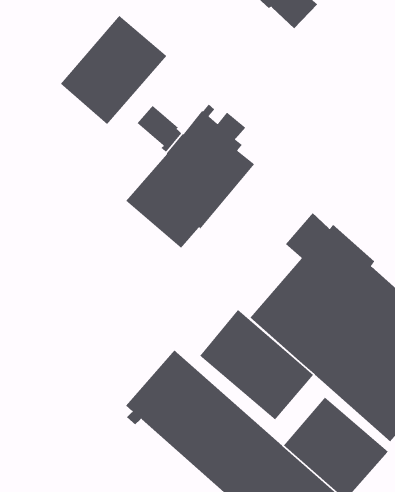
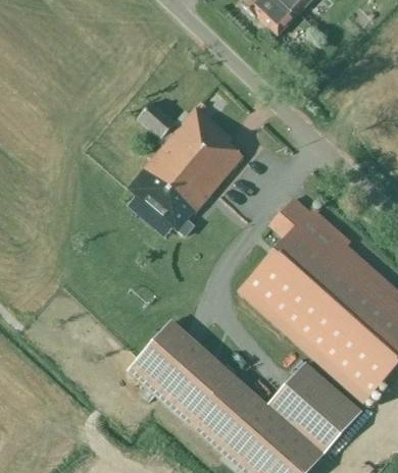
building: [60,15,168,125] -> none
building: [199,309,314,420] -> none

